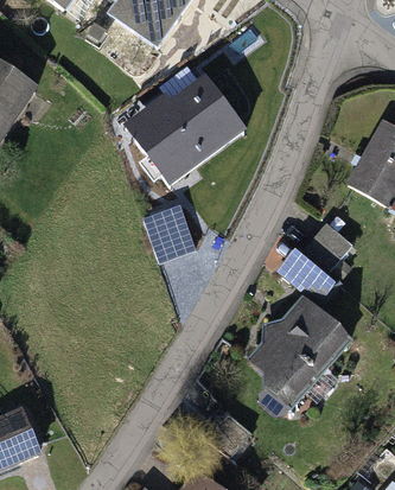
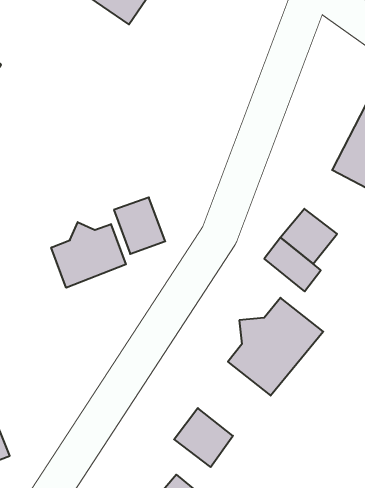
building: [130,78,243,184] -> none
building: none -> [51,222,126,288]

